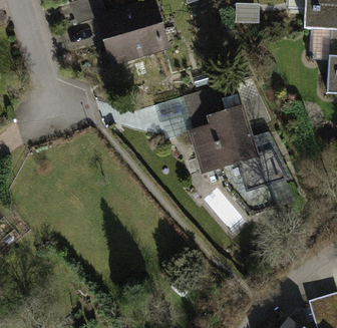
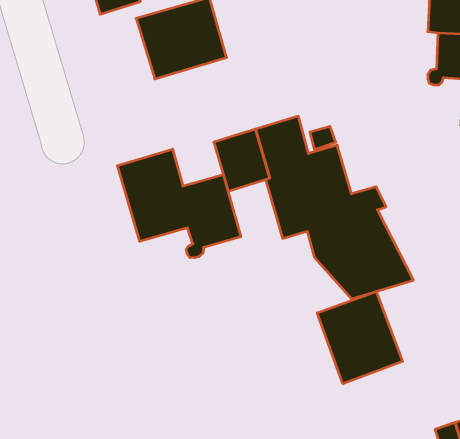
building: none -> [117,149,241,258]
building: none -> [317,291,403,384]

